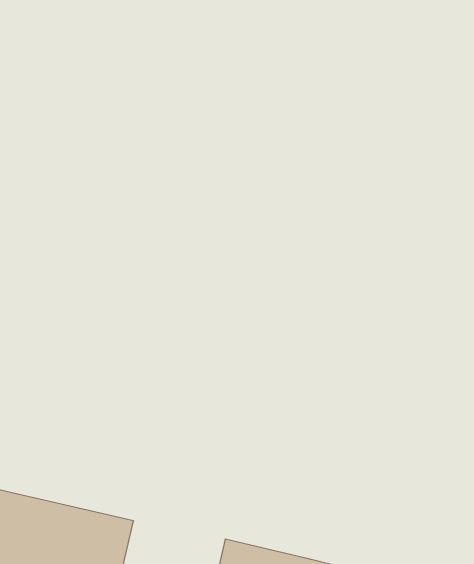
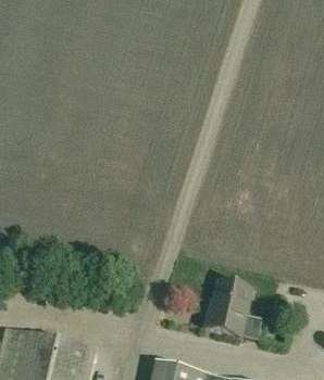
building: none -> [203,280,253,337]

